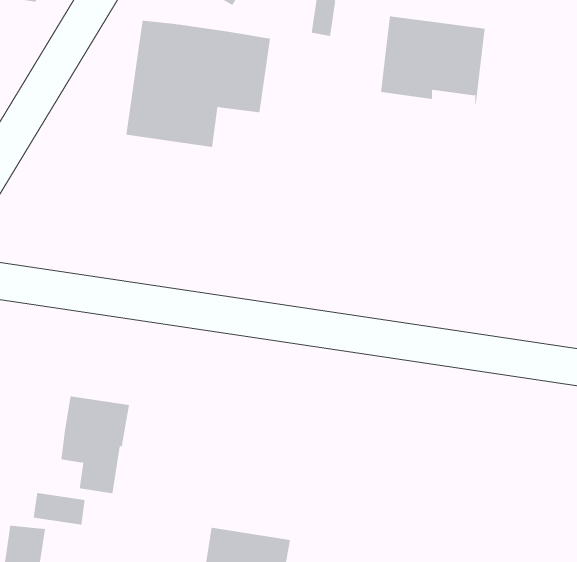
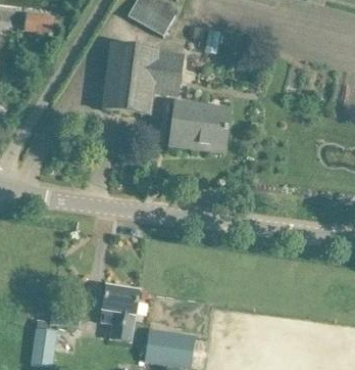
building: [380,16,486,105] -> [169,101,229,151]
building: [61,396,130,494] -> [100,285,139,340]

